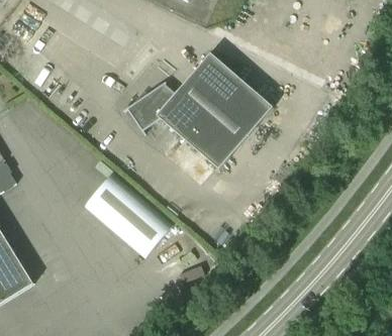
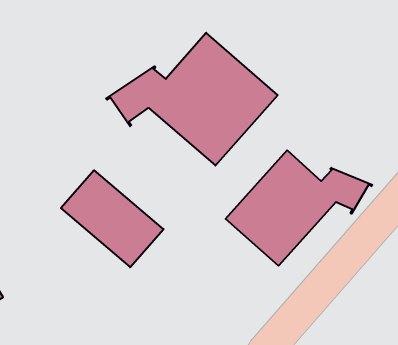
building: none -> [226,150,372,266]

